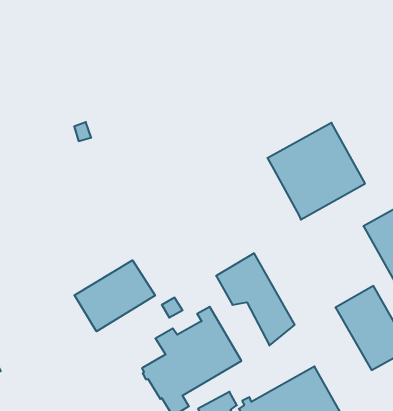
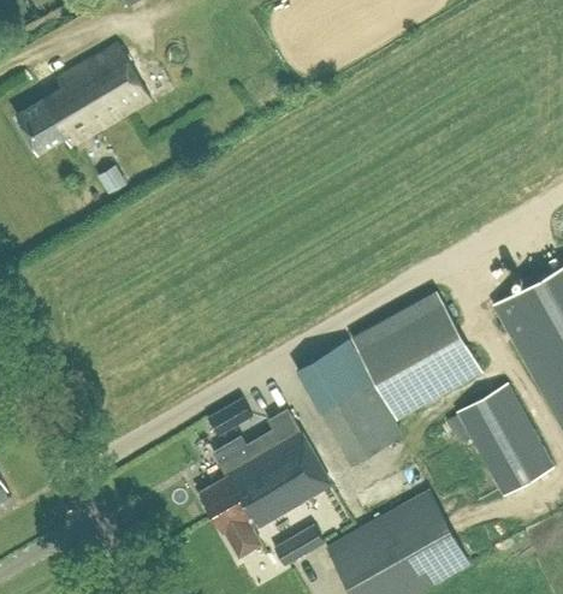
building: none -> [16,43,152,154]
building: [267,123,365,220] -> [351,291,481,420]
building: [74,260,155,331] -> none

